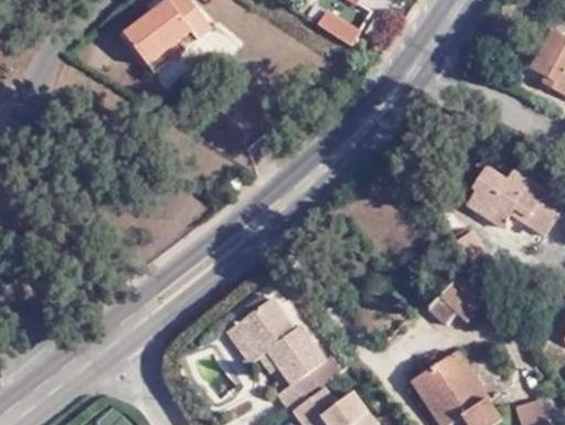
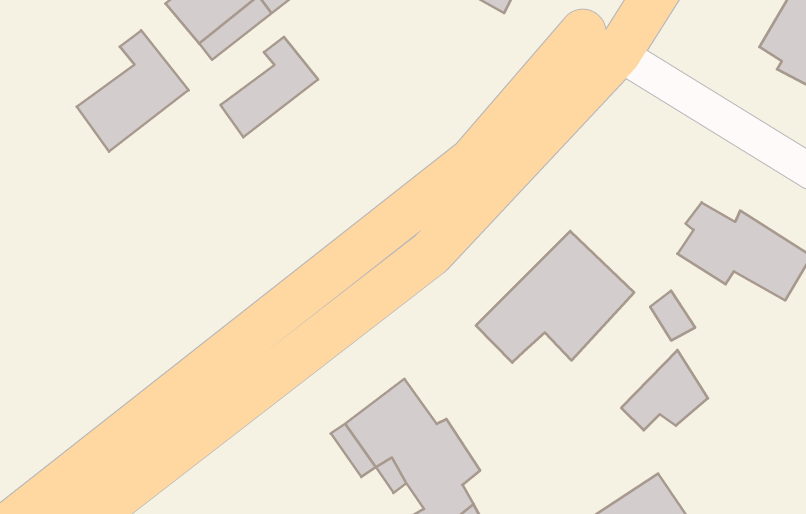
building: none -> [77,30,189,152]
building: none -> [221,37,318,137]
building: none -> [476,231,634,363]

